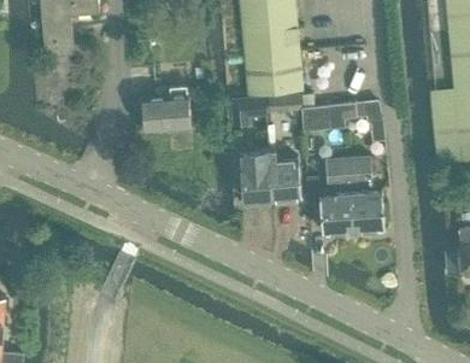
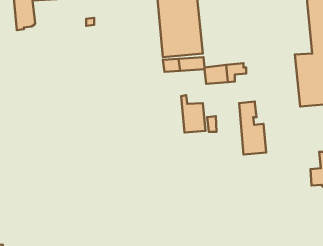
building: [141,84,190,129] -> none
building: [242,150,275,204] -> none
building: [322,159,357,233] -> none

